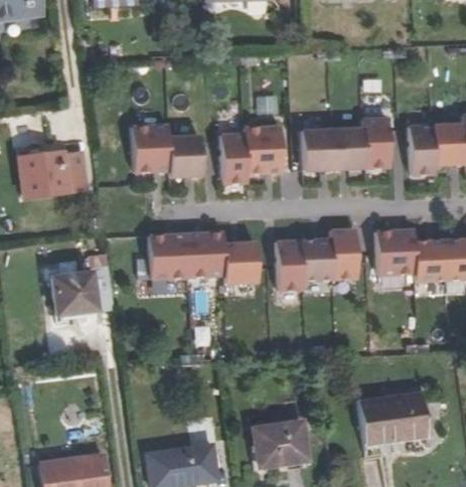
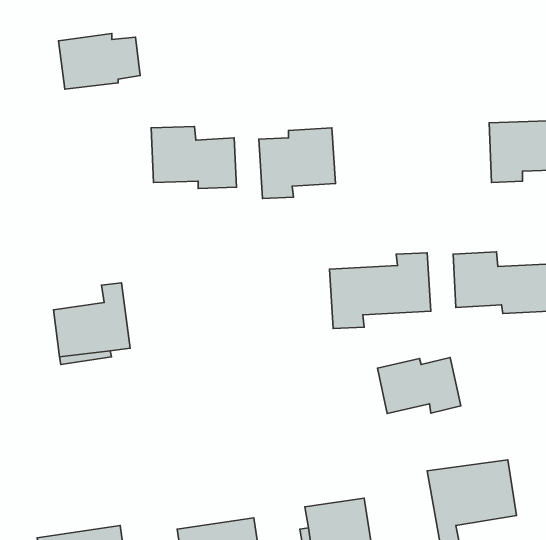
building: [300,118,390,171] -> none
building: [20,152,87,197] -> [59,33,140,89]
building: [151,232,259,284] -> none
building: none -> [377,358,461,414]

